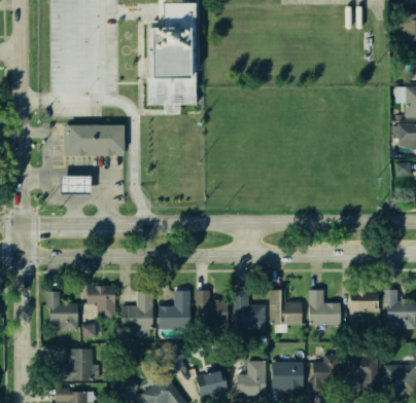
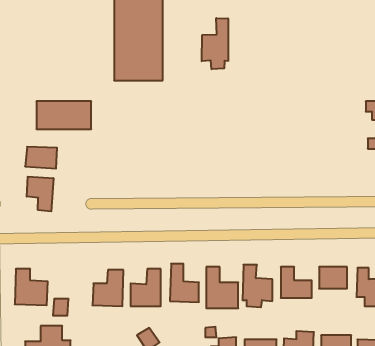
building: none -> [202,18,228,69]
building: none -> [27,177,53,211]
building: [84,288,113,319] -> none

